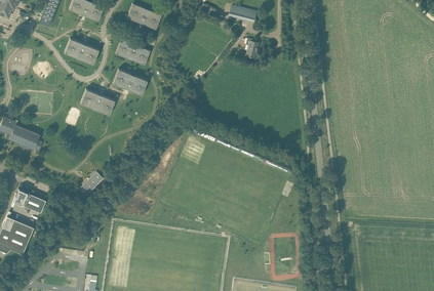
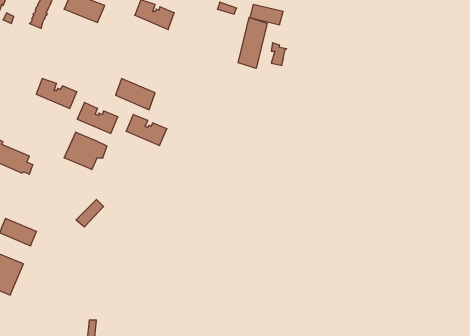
building: none -> [238,17,267,68]
building: [64,39,98,65] -> [36,79,77,109]
building: [115,39,150,66] -> [126,114,167,146]
building: none -> [64,132,107,170]

